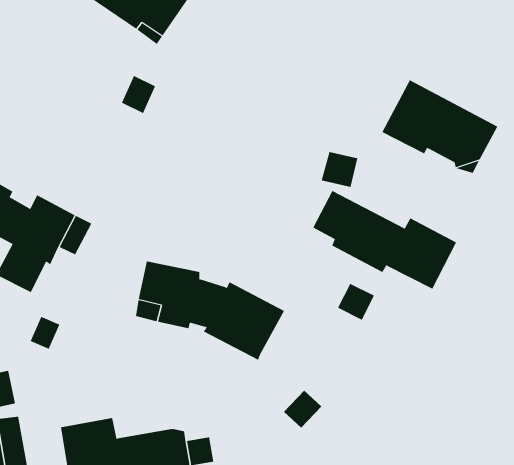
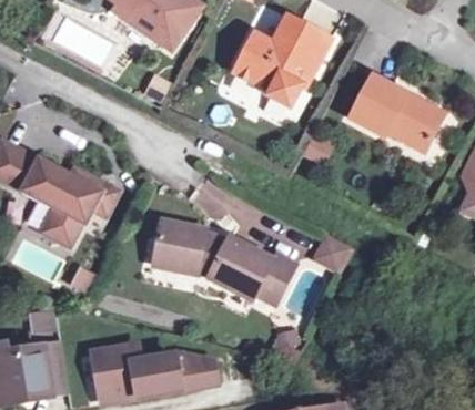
building: none -> [235,17,330,106]
building: [312,190,457,290] -> none
building: none -> [254,254,295,305]

